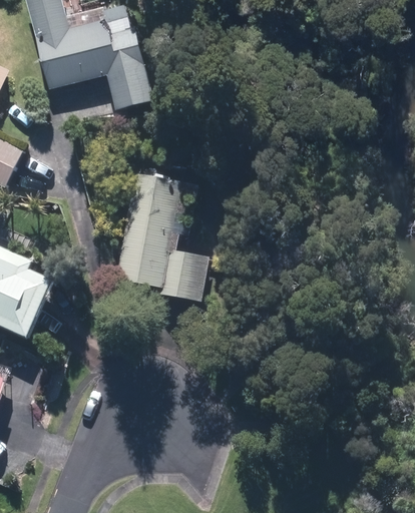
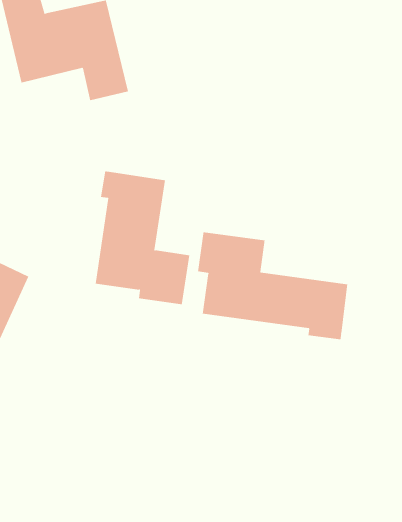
building: none -> [197,231,348,340]

